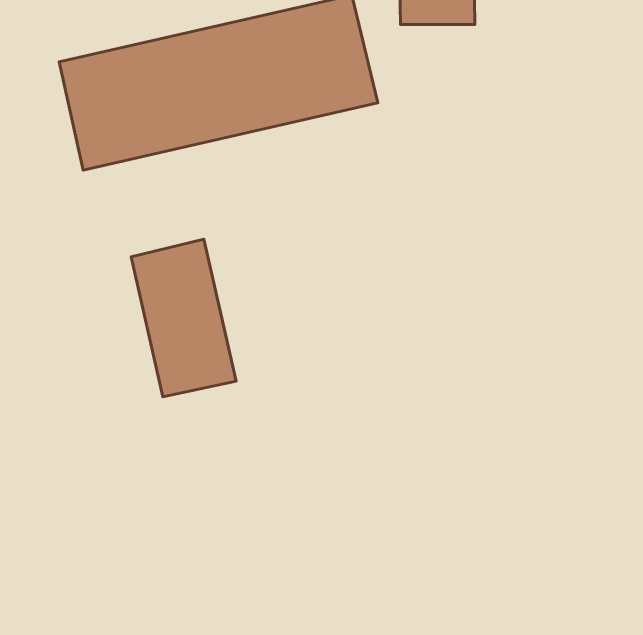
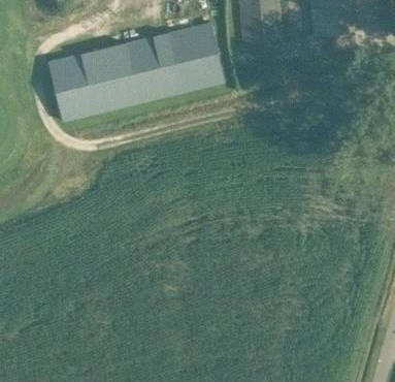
building: [131,239,236,397] -> none

